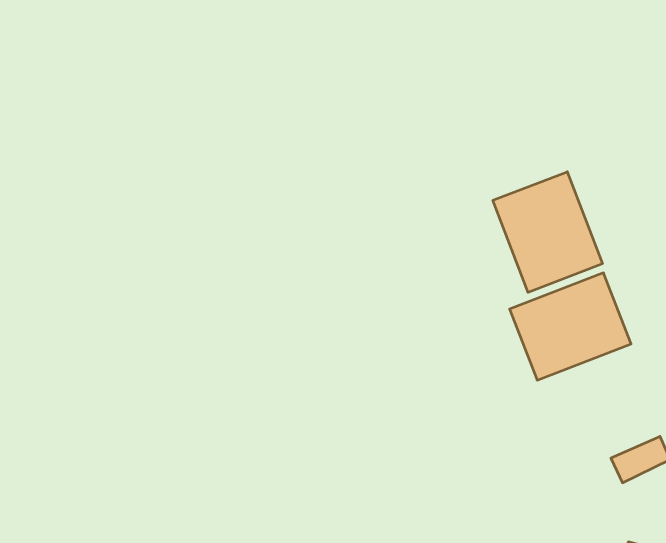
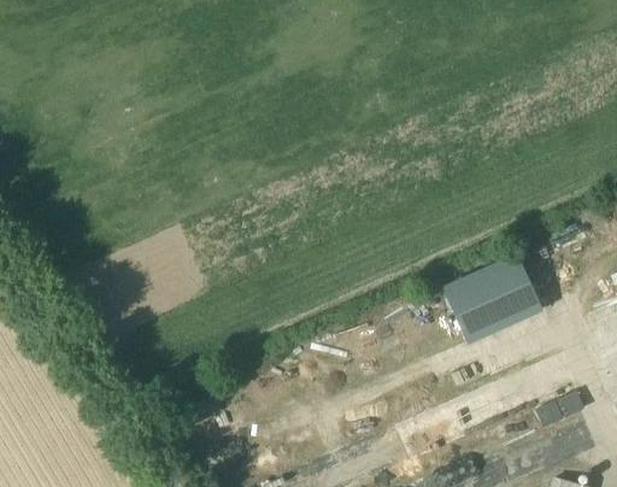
building: [493,172,602,292] -> none

